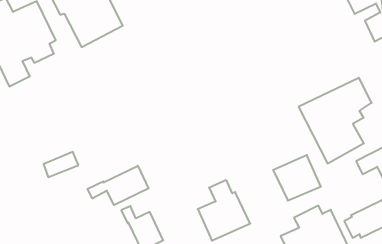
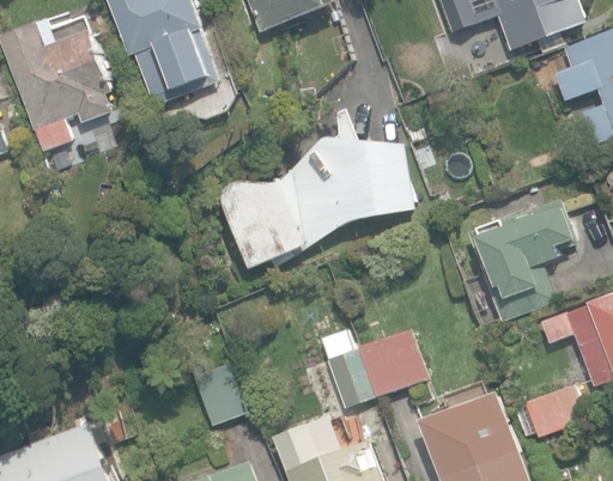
building: none -> [221,136,417,268]
building: [273,155,321,201] -> [358,331,426,396]
building: [87,166,149,205] -> none

